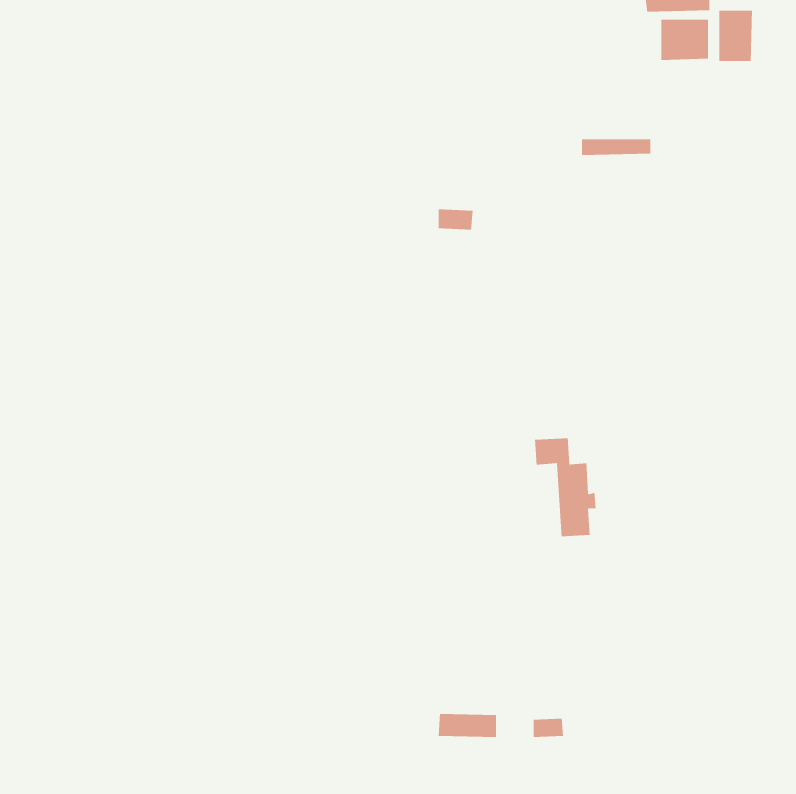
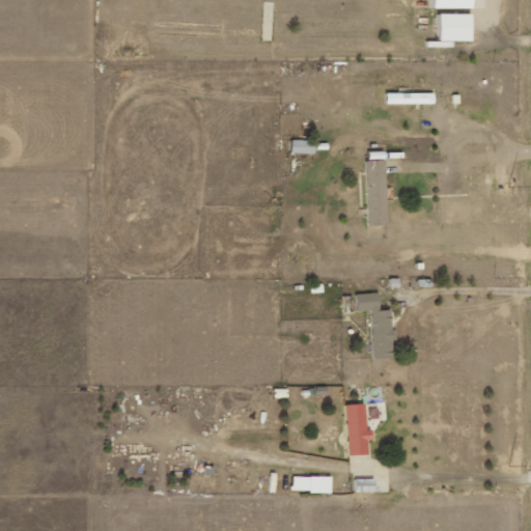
building: [718,10,753,62] -> none
building: none -> [366,160,387,224]
building: none -> [345,402,372,454]

